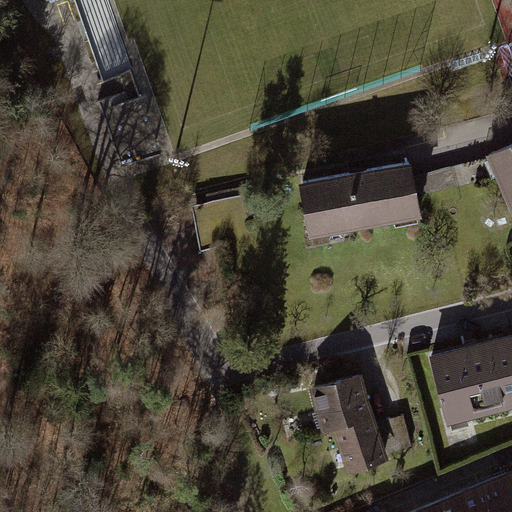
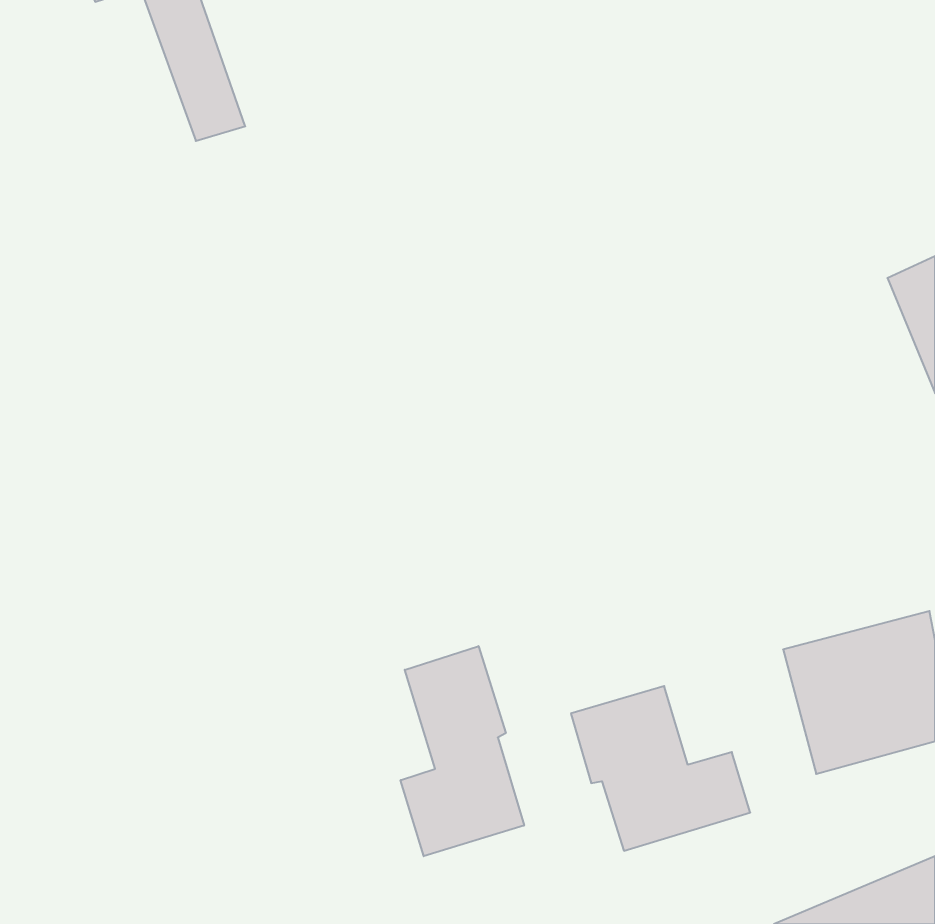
building: [308,164,430,245] -> none
building: none -> [401,646,524,856]

